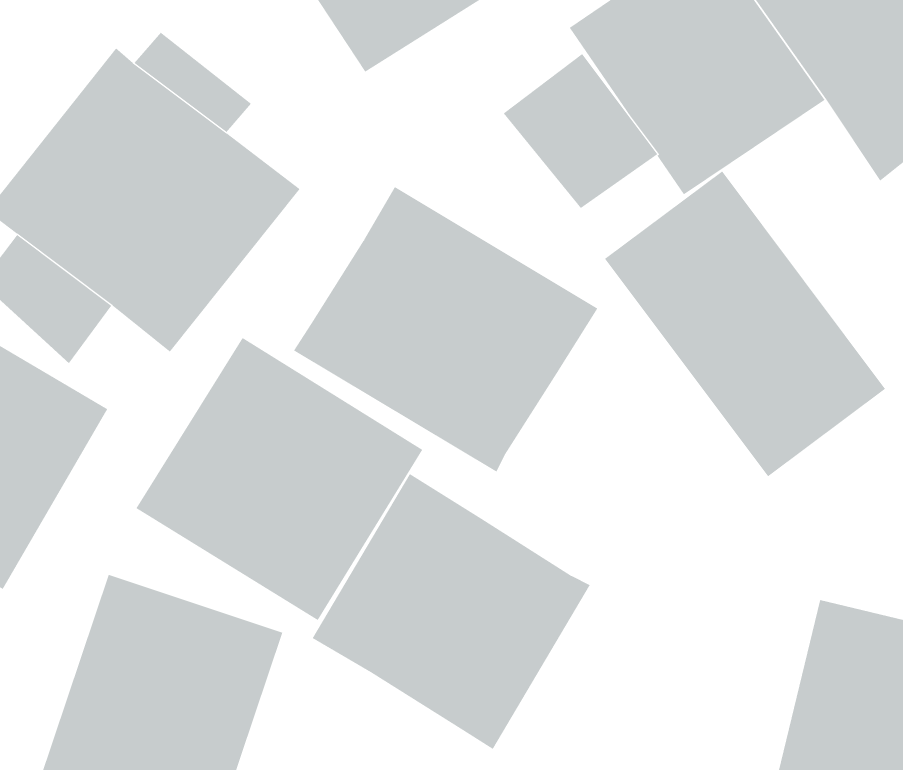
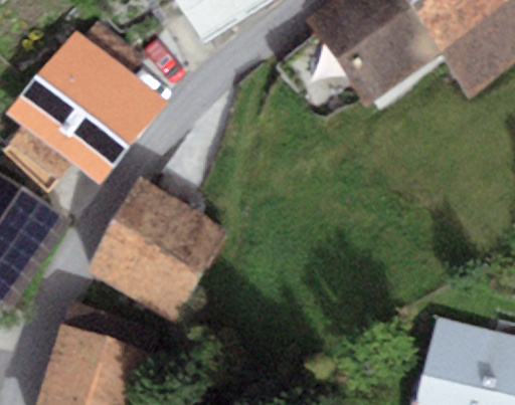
building: [604,171,886,477] -> none
building: [293,186,598,473] -> none
building: [312,473,591,750] -> none

